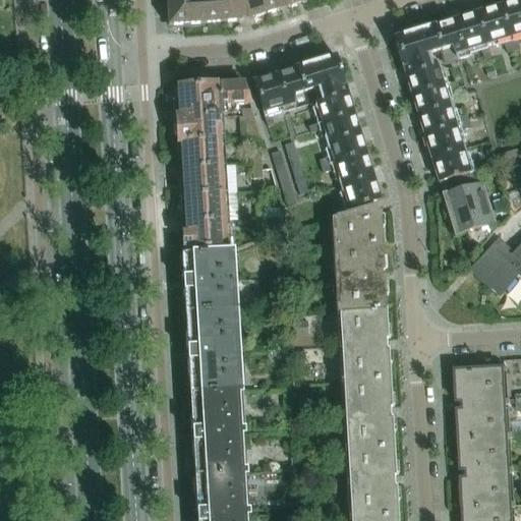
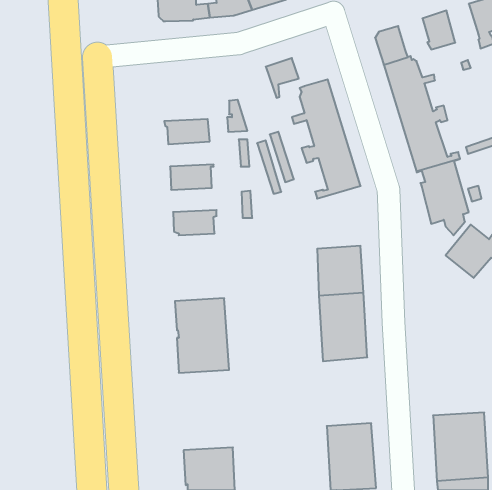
building: [472,4,506,57] -> none
building: [421,19,454,52] -> none
building: [309,54,347,91] -> none
building: [255,70,293,123] -> none
building: [175,79,251,127] -> none
building: [179,149,227,175] -> none
building: [182,197,230,223] -> none
building: [333,202,382,262] -> none
building: [182,248,238,316] -> none
building: [454,364,512,437] -> none
building: [342,375,393,448] -> none
building: [190,389,247,473] -> none

